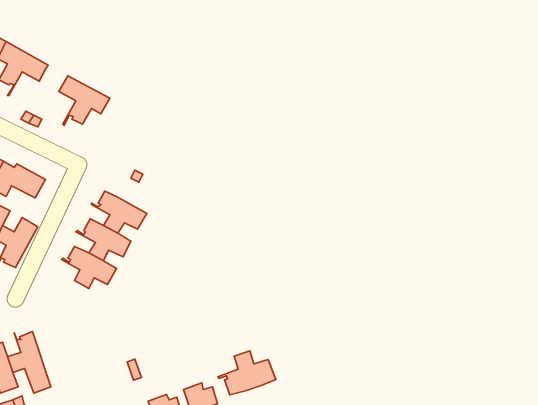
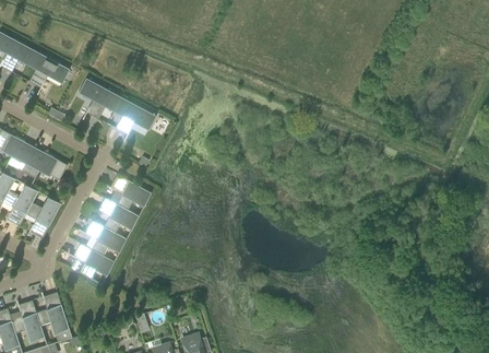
building: none -> [112,96,155,141]
building: none -> [68,243,114,279]
building: [218,351,276,395] -> none

